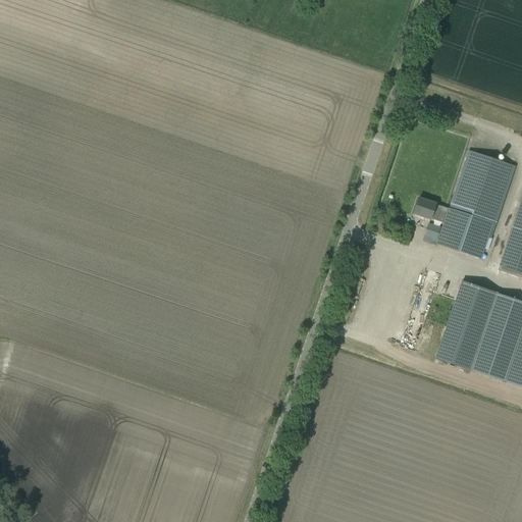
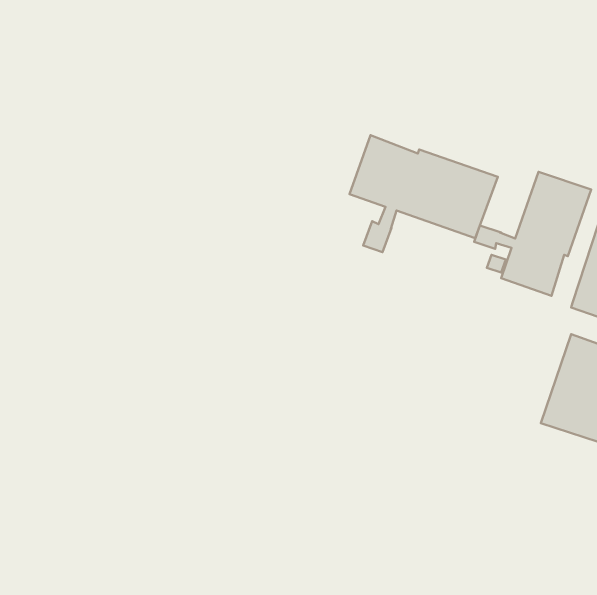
building: none -> [350,135,498,252]
building: [436,279,499,369] -> none

